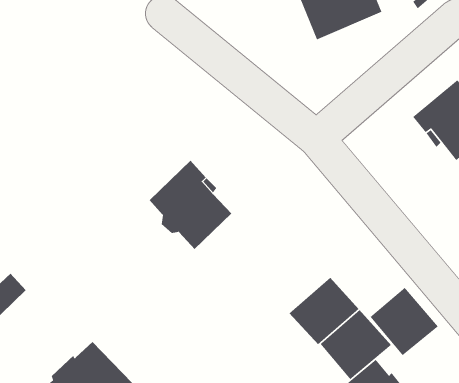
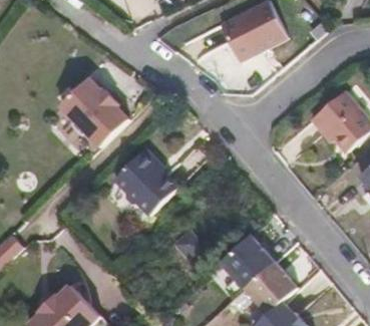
building: none -> [60,78,128,147]
building: [370,287,439,356] -> none

